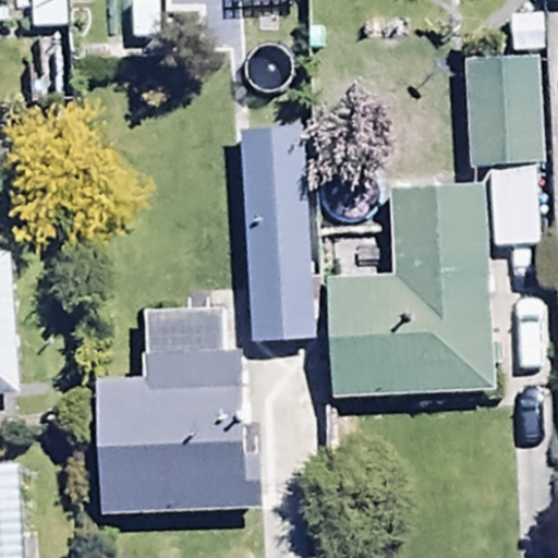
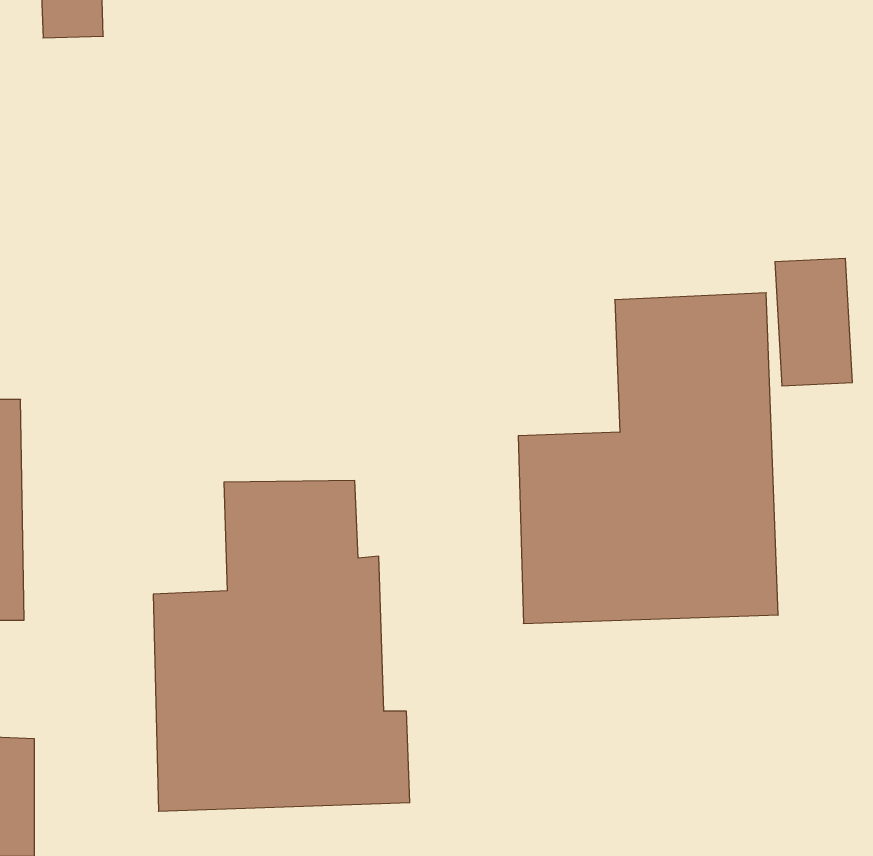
building: [469,53,539,157] -> none
building: [247,204,315,339] -> none

